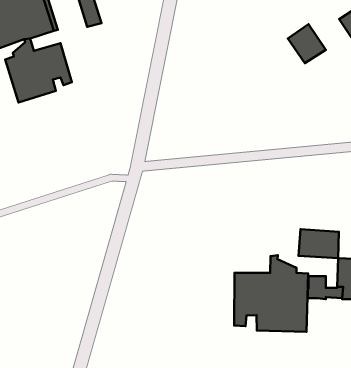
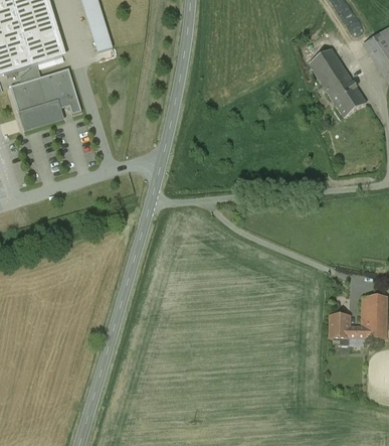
building: none -> [327,75,366,116]
building: [299,229,339,258] -> none
building: [234,255,308,332] -> none

